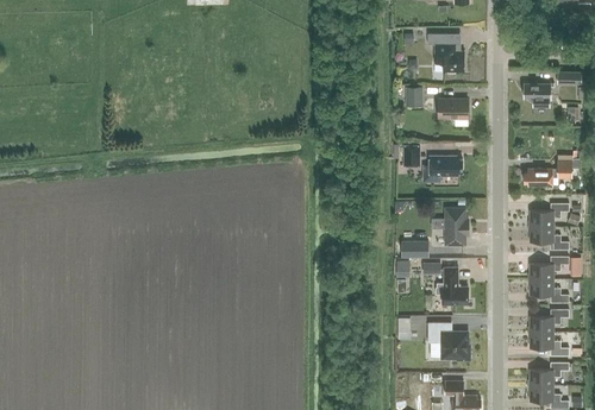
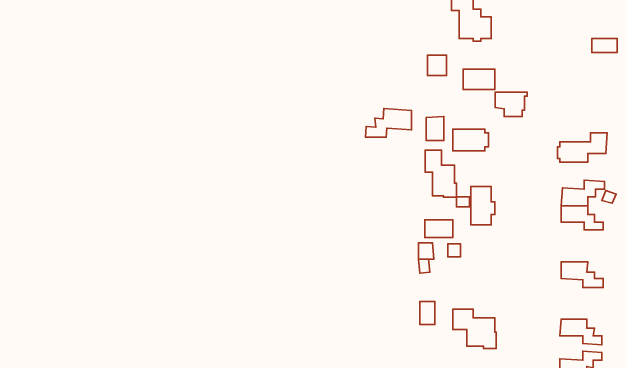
building: [525,83,555,106] -> [495,92,527,116]
building: none -> [365,108,412,137]
building: none -> [425,150,457,197]
building: [530,257,569,279] -> none
building: [434,267,468,304] -> none
building: [530,310,569,333] -> none

